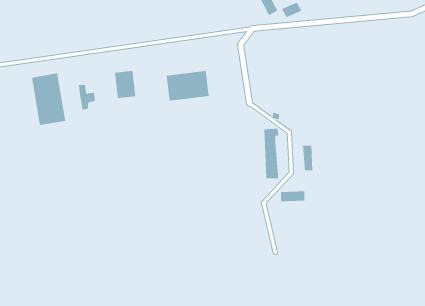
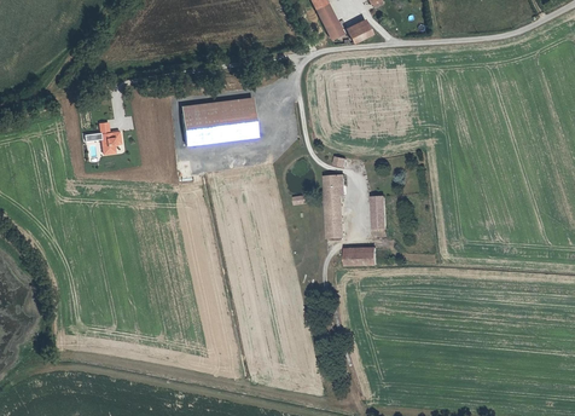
building: [114,71,136,98] -> [182,110,209,144]
building: [31,72,66,126] -> none

